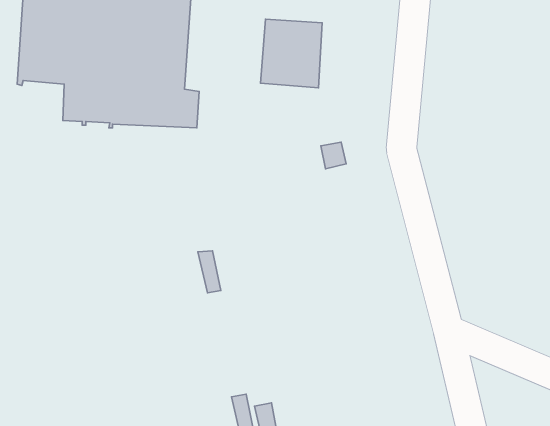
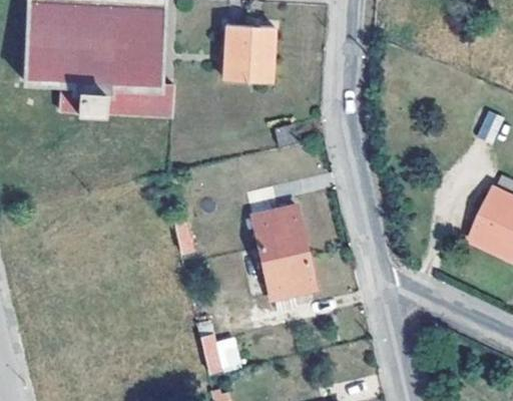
building: none -> [251,206,314,299]

